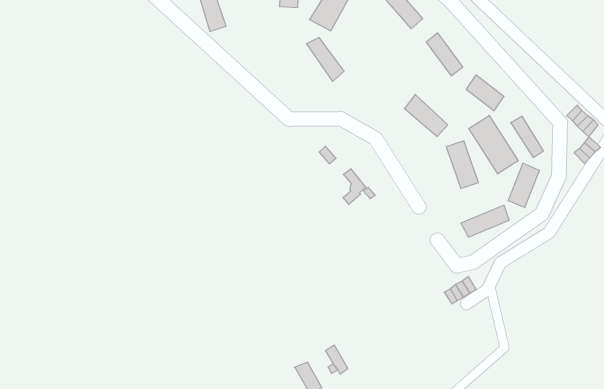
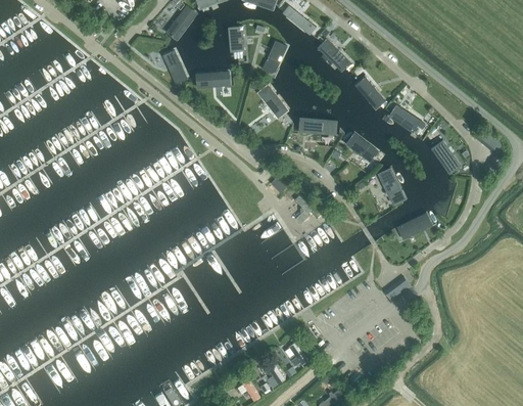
building: none -> [198,72,234,90]
building: none -> [298,112,337,134]
building: [469,115,518,174] -> none

